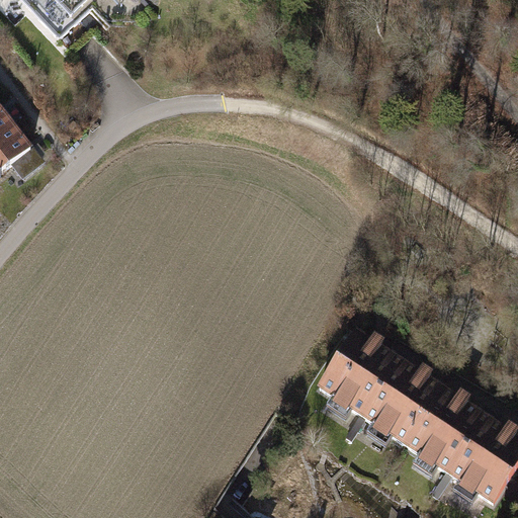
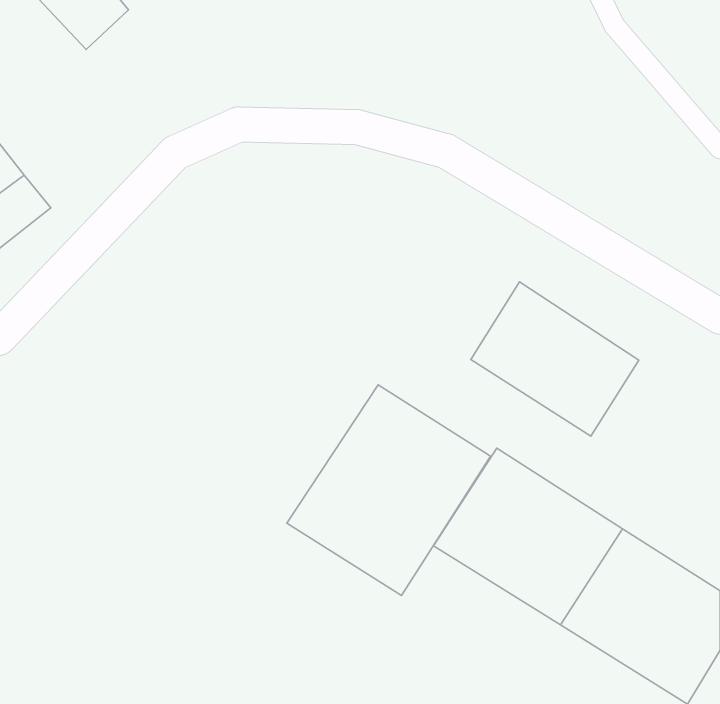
building: none -> [471,282,639,436]
building: none -> [287,385,491,595]

